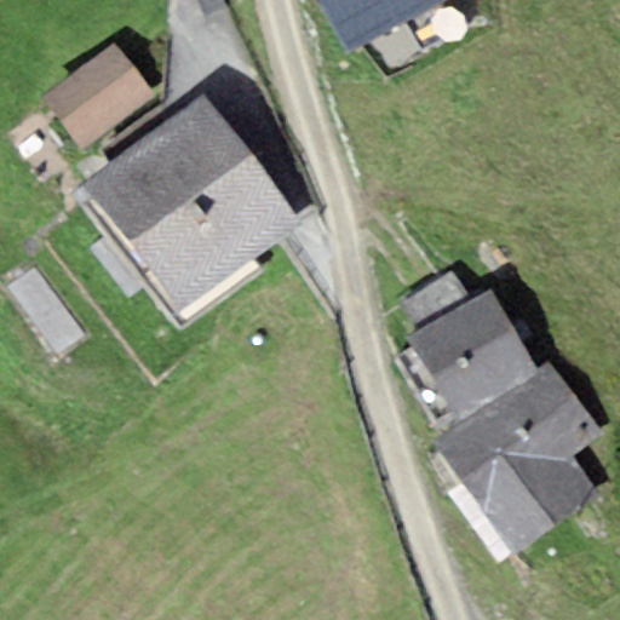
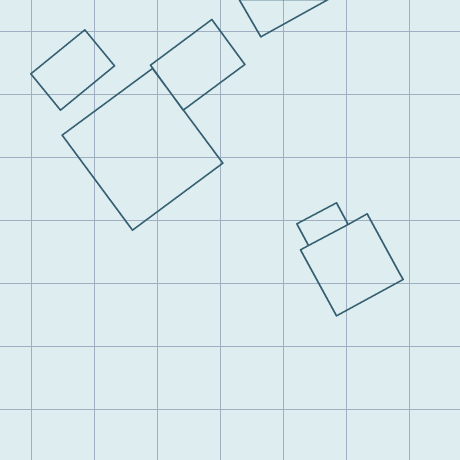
building: none -> [150,20,245,110]
building: [431,361,601,557] -> none

